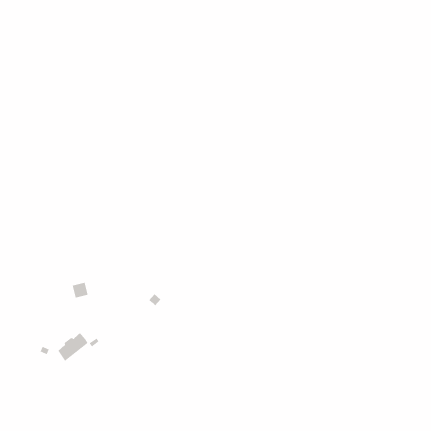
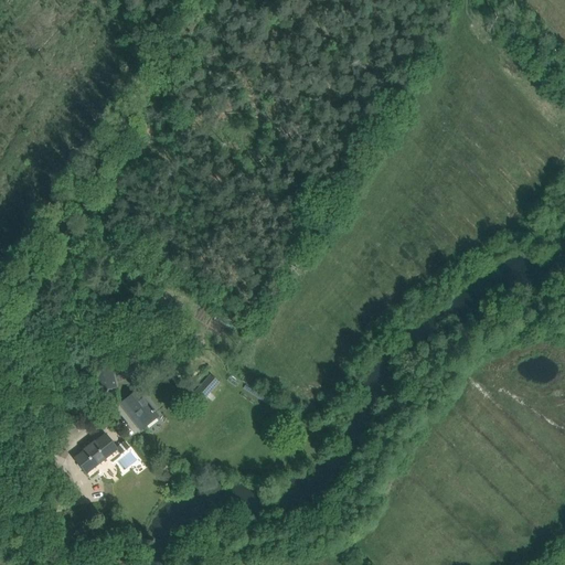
building: none -> [120,391,158,429]

